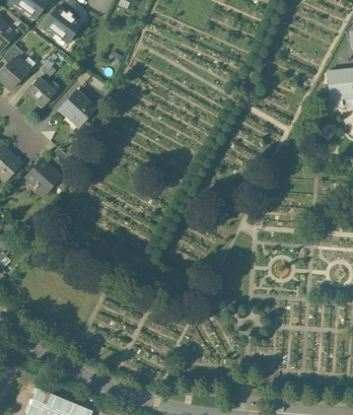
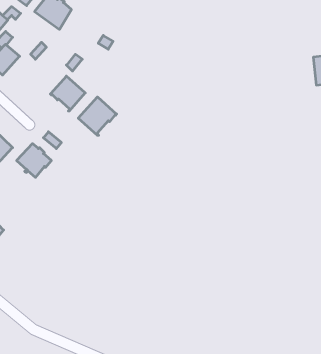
building: [27,78,56,106] -> none
building: none -> [78,97,117,135]

